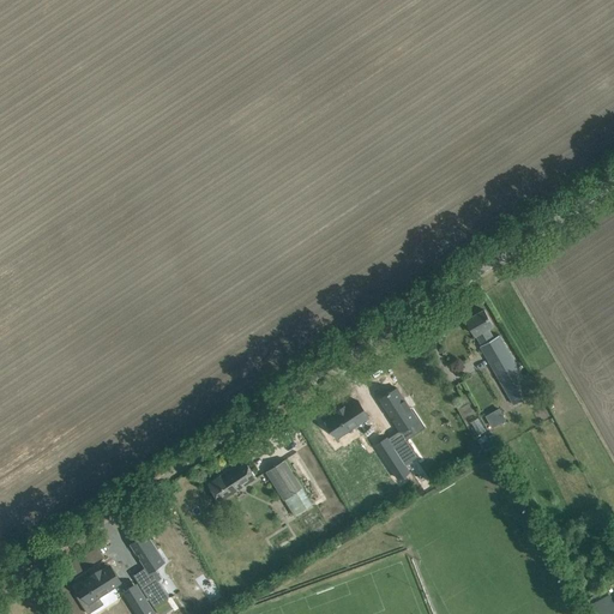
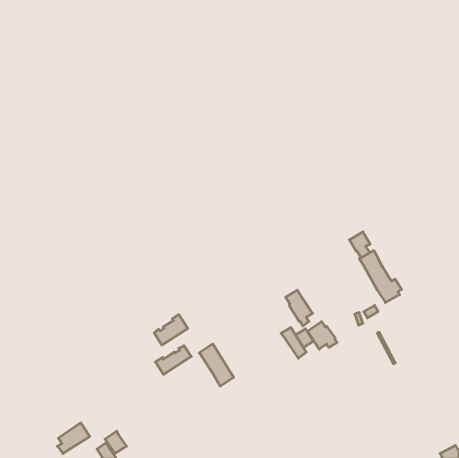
building: [324,402,368,439] -> none
building: none -> [154,315,188,345]
building: none -> [307,322,337,349]
building: [131,535,164,573] -> none

